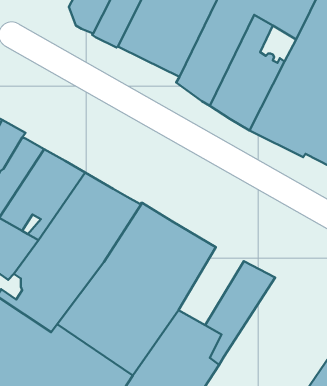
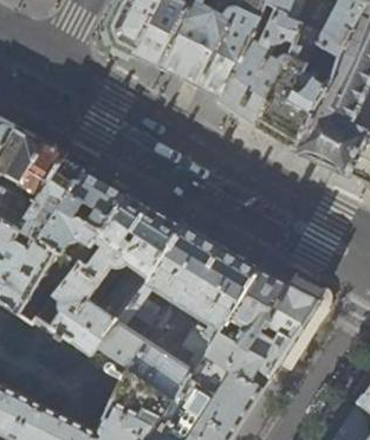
building: none -> [219,268,285,348]

